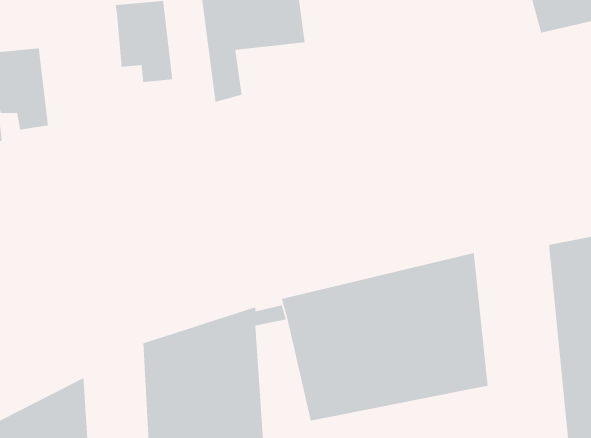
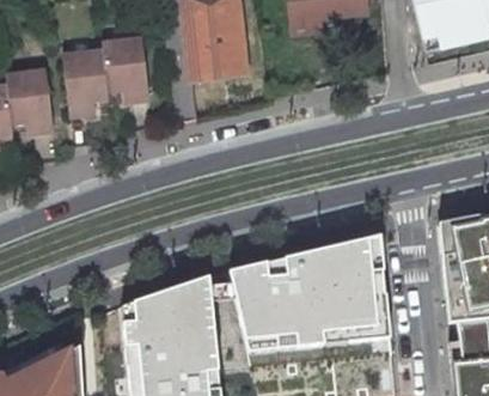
building: none -> [61,45,106,112]

